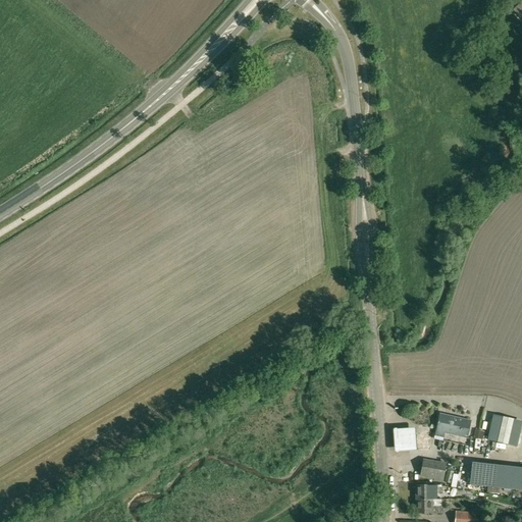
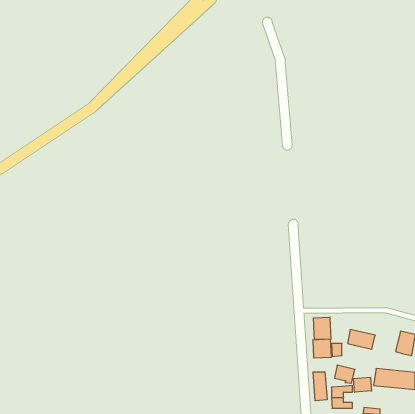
building: none -> [313,317,331,339]
building: none -> [313,372,327,401]
building: none -> [354,377,372,392]

